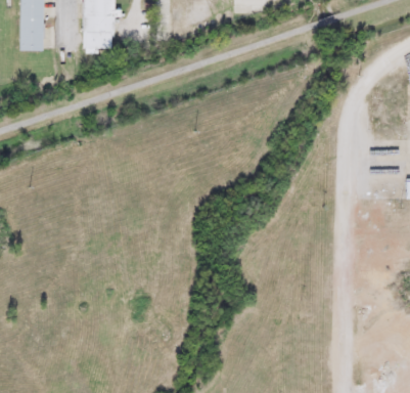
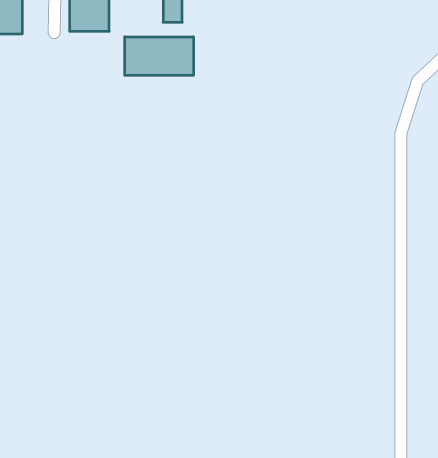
building: none -> [125,37,193,75]

